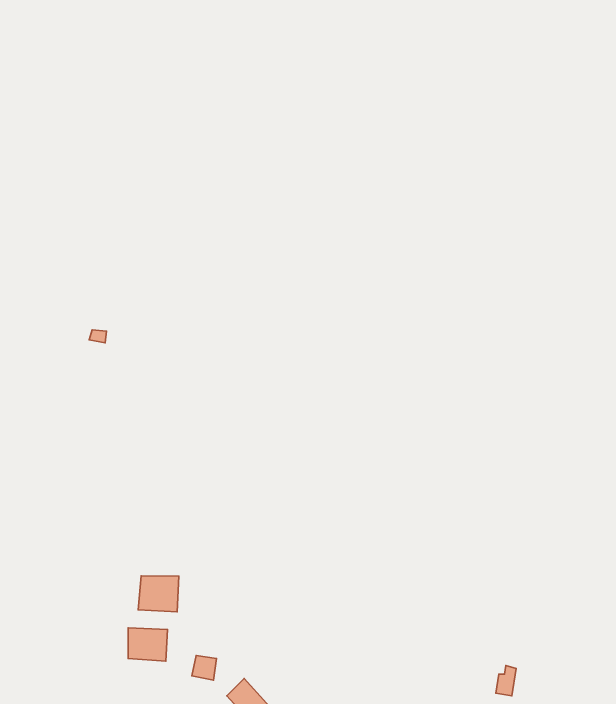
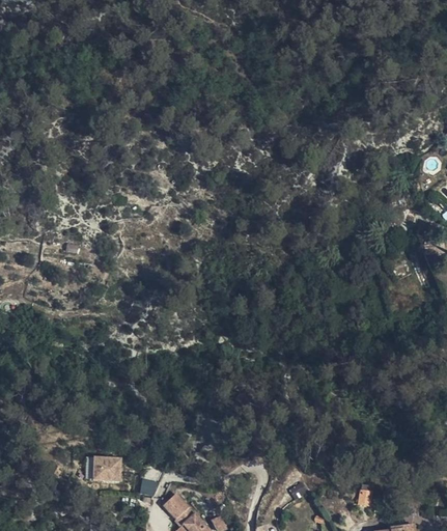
building: [138,576,179,612] -> none

